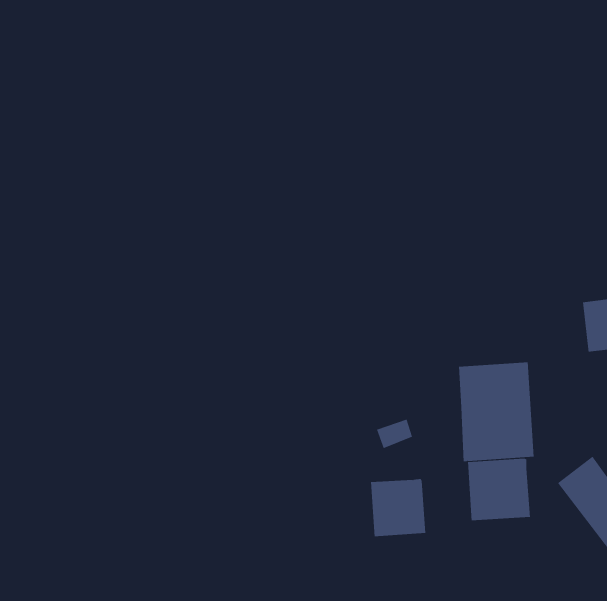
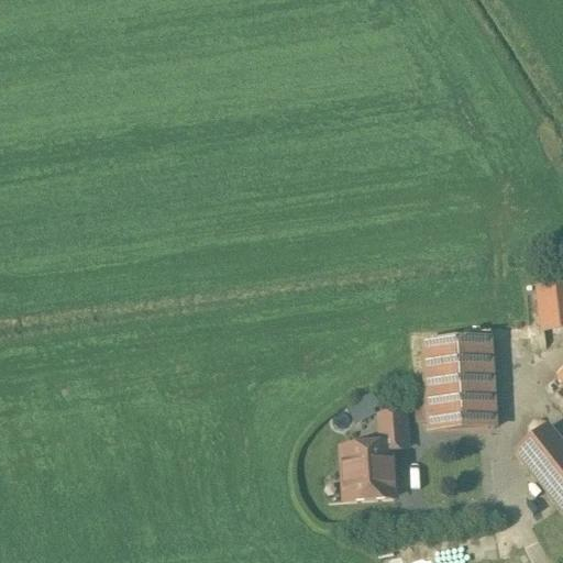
building: none -> [380,410,407,444]
building: [467,458,530,521] -> none

